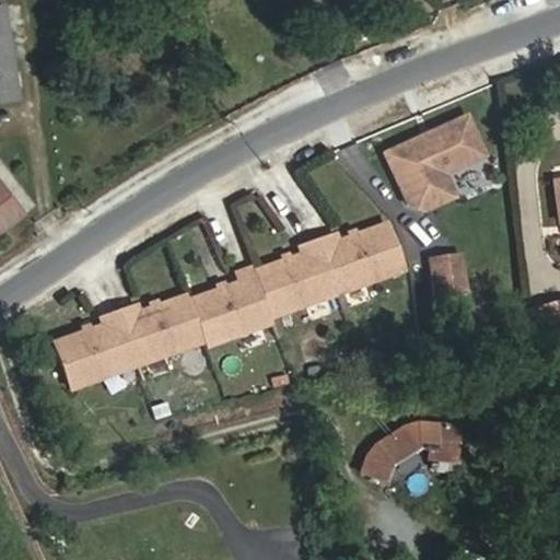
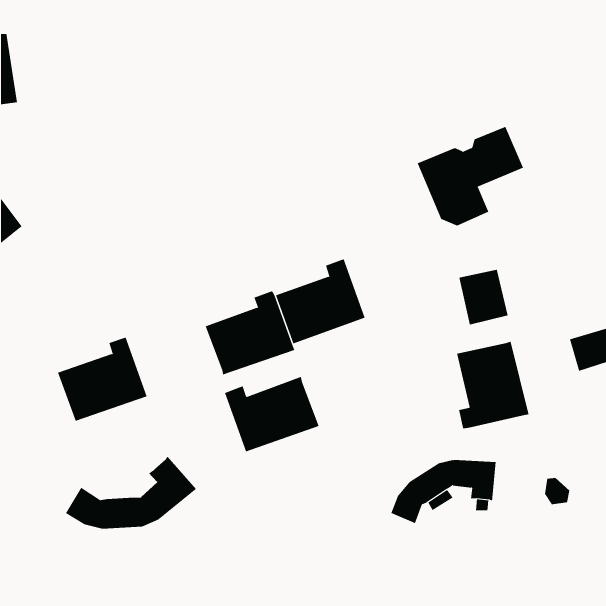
building: [318,223,404,292] -> none
building: [118,294,206,364] -> [224,376,319,452]
building: none -> [457,341,529,429]
building: none -> [65,456,197,530]

